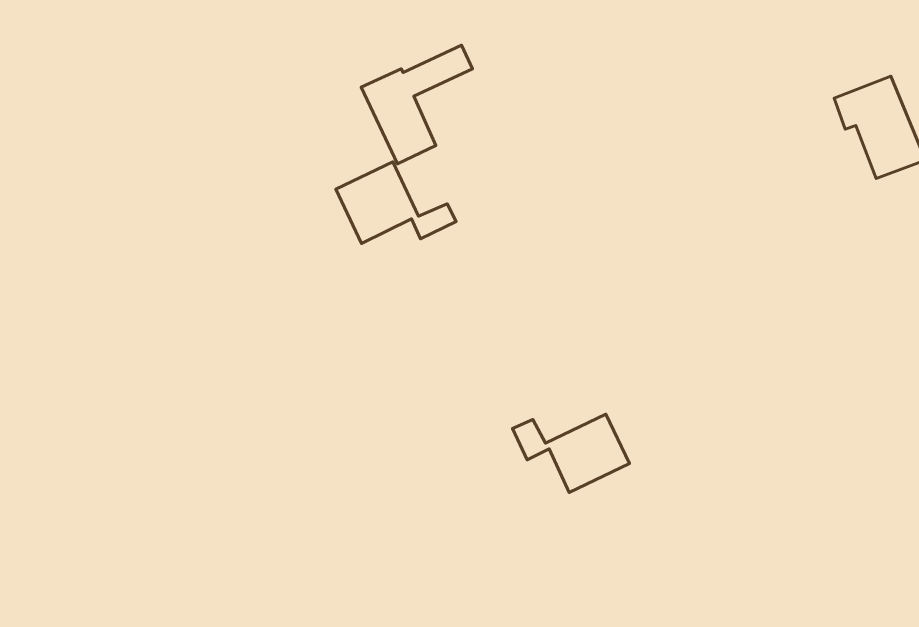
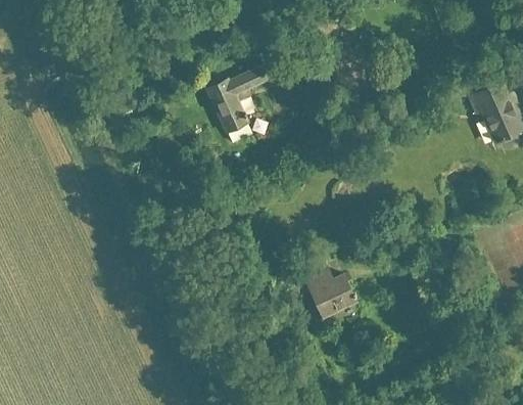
building: [336,162,456,243] -> none

